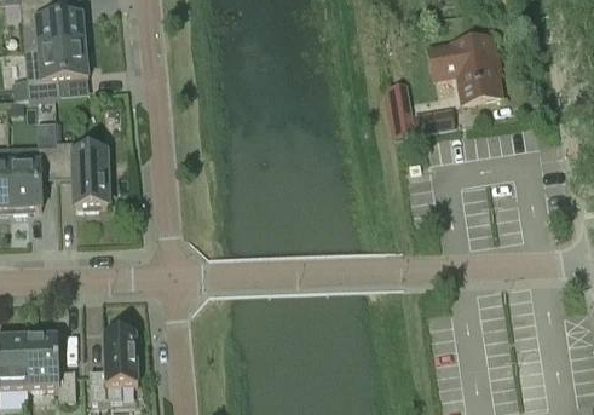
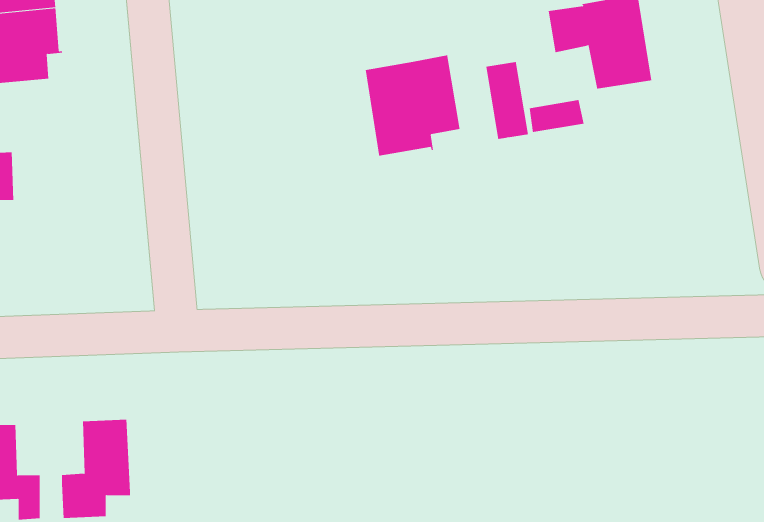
building: none -> [365,54,460,157]
building: [56,139,110,206] -> none

